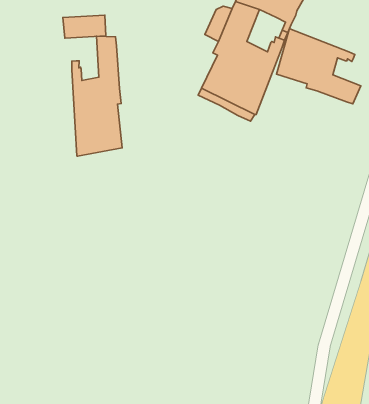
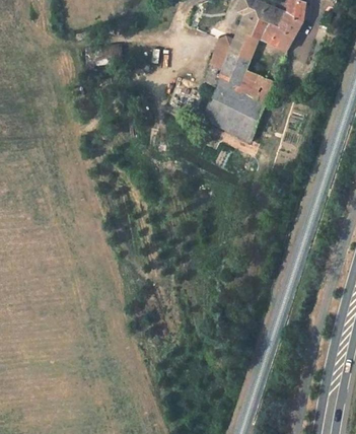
building: [276,29,361,104] -> none
building: [72,36,122,156] -> none

